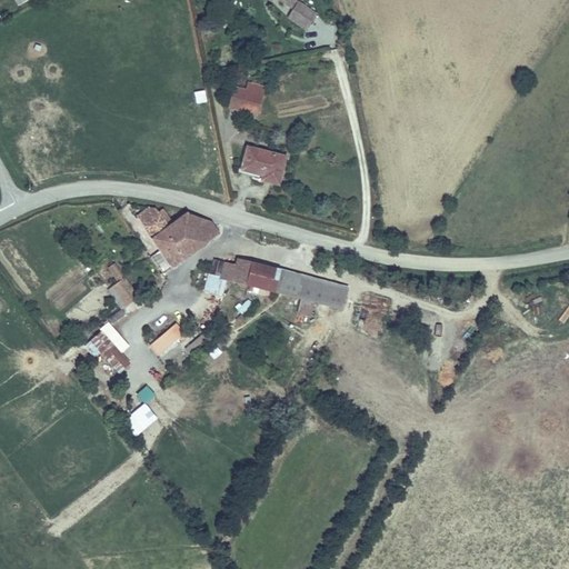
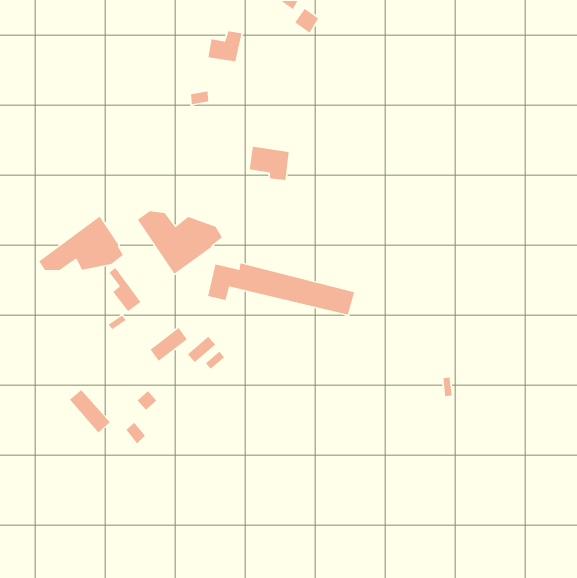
building: [227,77,261,108] -> [208,31,243,62]
building: none -> [38,215,124,271]
building: [89,331,130,375] -> [69,389,111,433]

